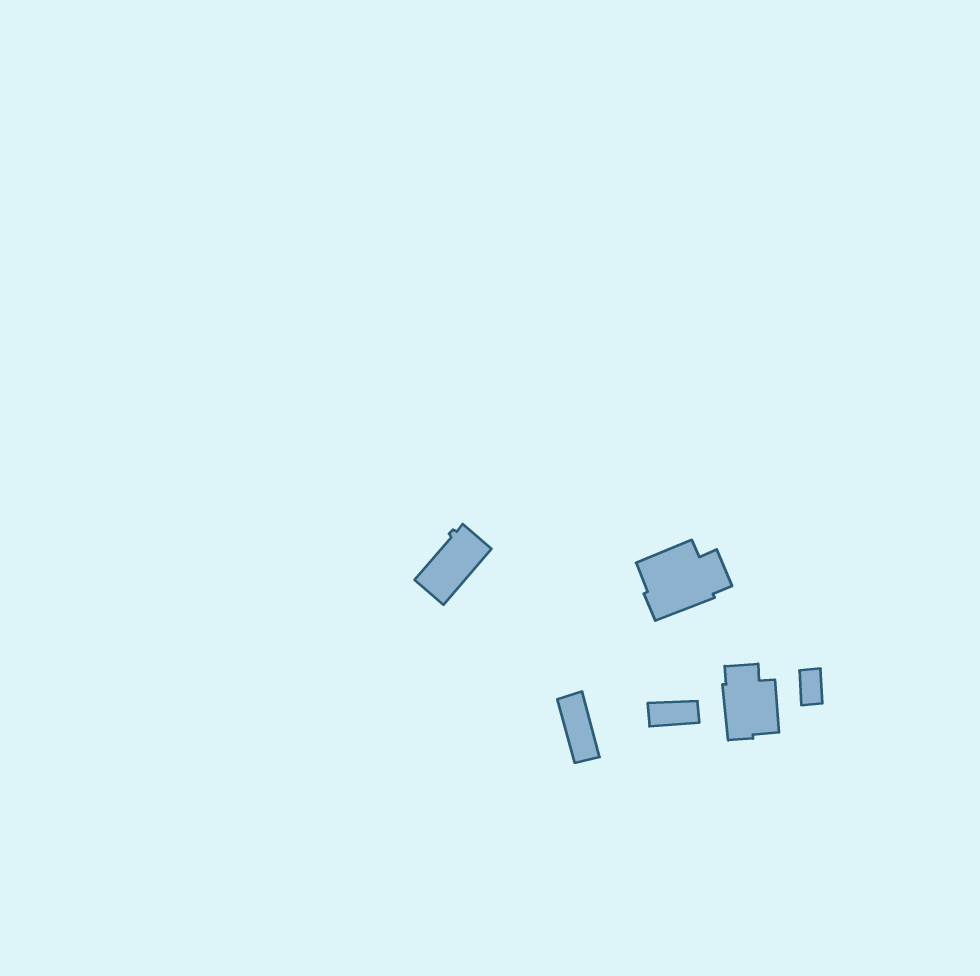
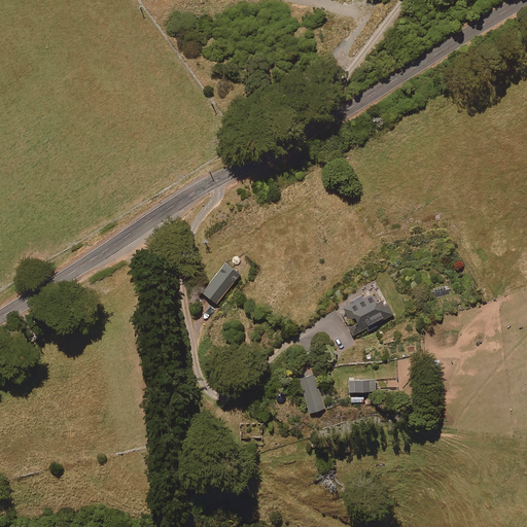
building: [415,524,491,605] -> [201,260,242,304]
building: [723,664,779,740] -> none

